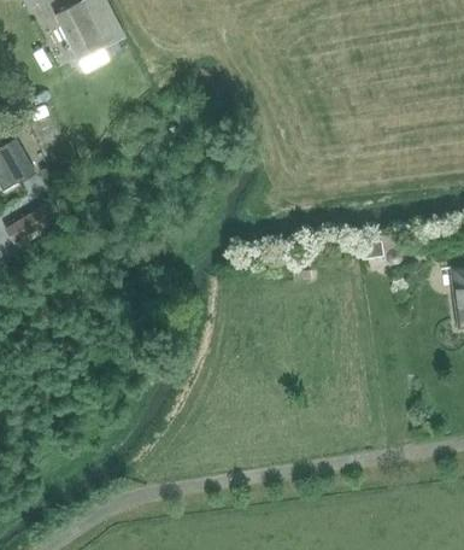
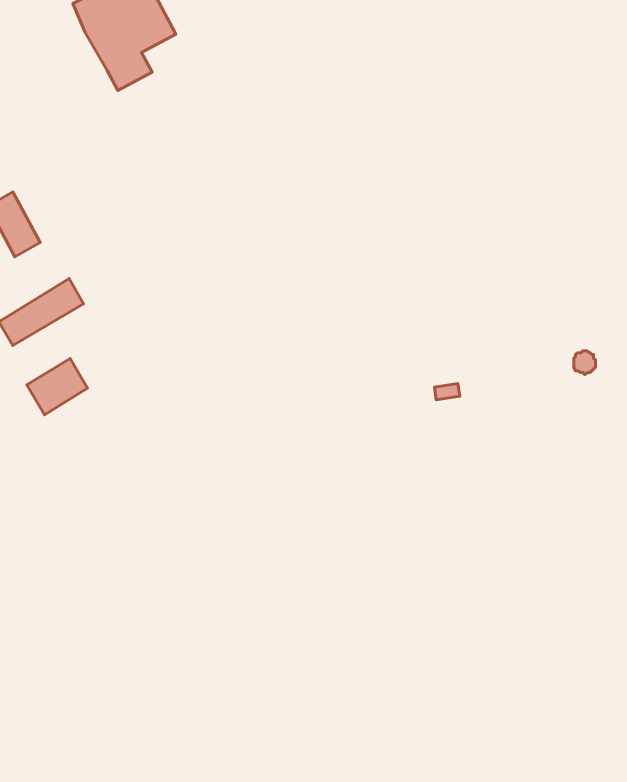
building: none -> [27,358,88,415]

